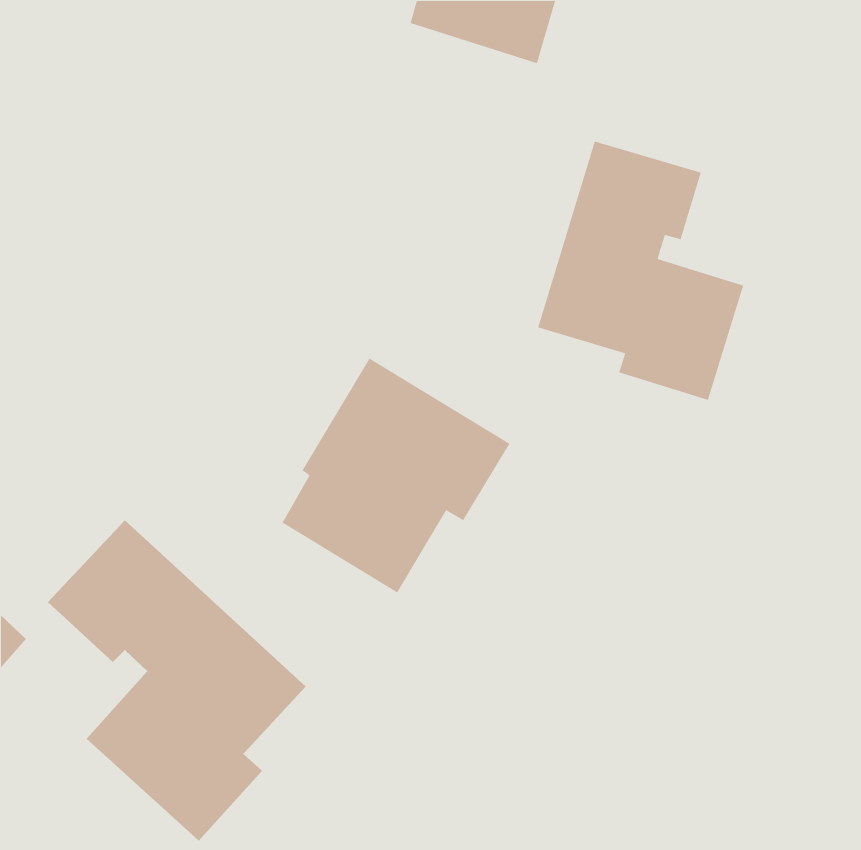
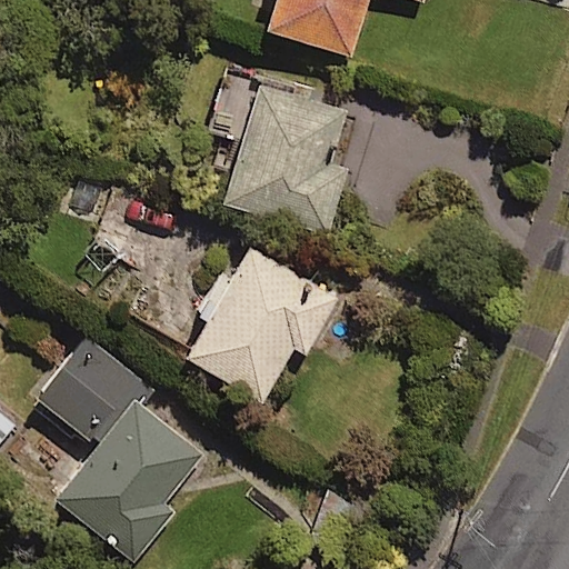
building: none -> [213,69,349,232]
building: [537,140,744,401] -> none

